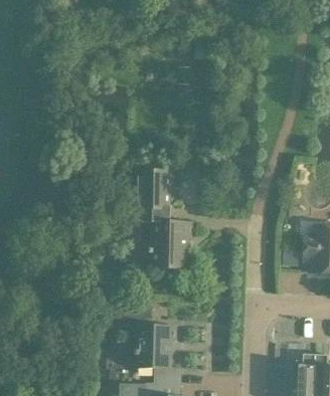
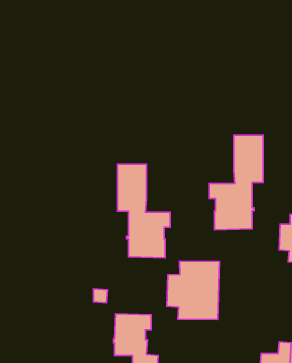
building: none -> [209,135,263,230]
building: none -> [167,261,219,319]

